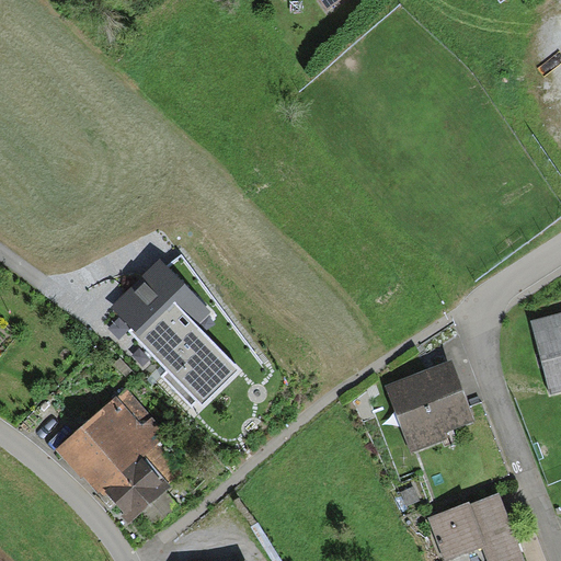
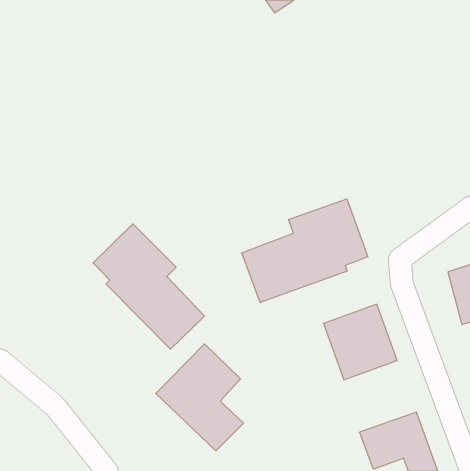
building: none -> [242,199,368,303]
building: [57,390,161,517] -> [156,344,243,451]

